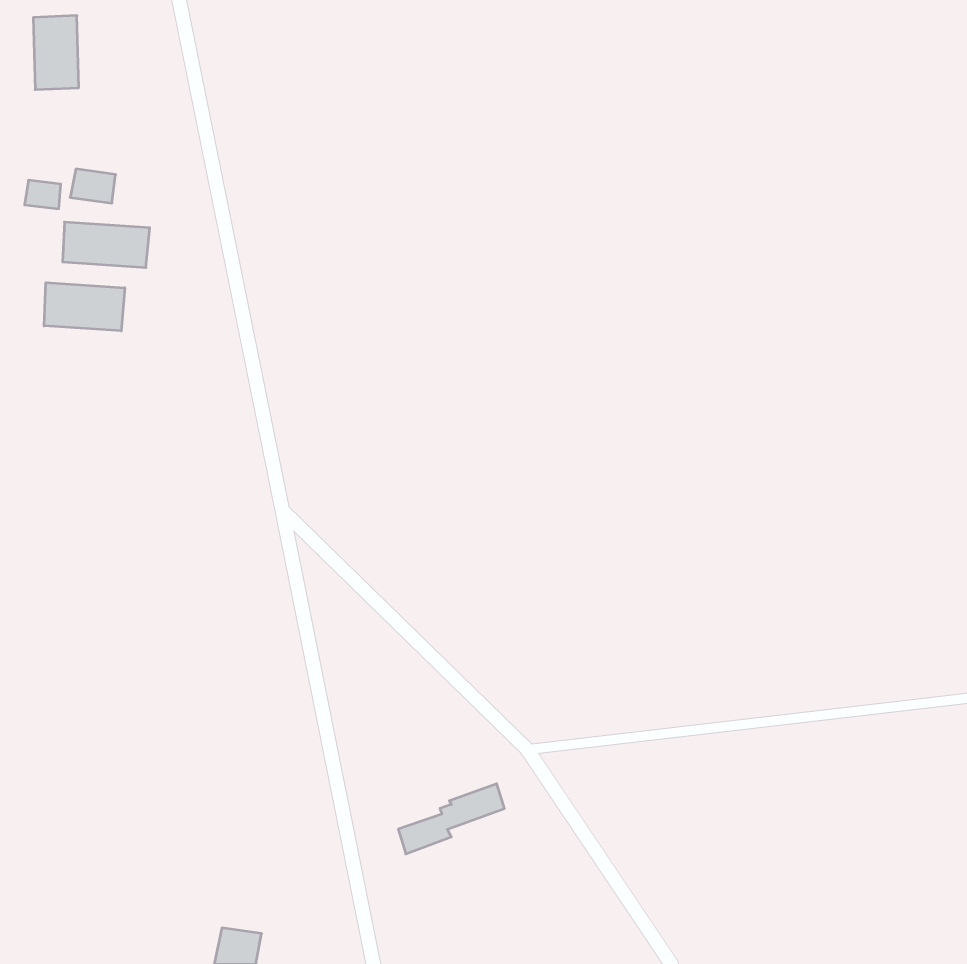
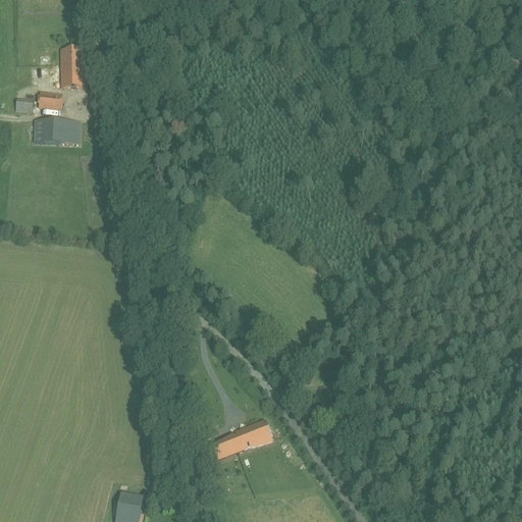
building: [33,16,79,90] -> [60,48,85,88]
building: [44,283,125,331] -> none

